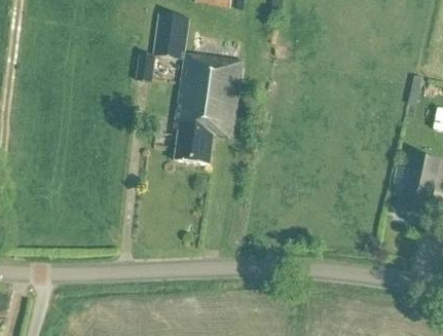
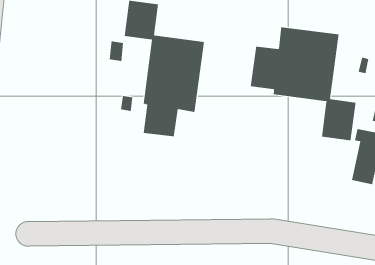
building: none -> [250,26,356,141]

